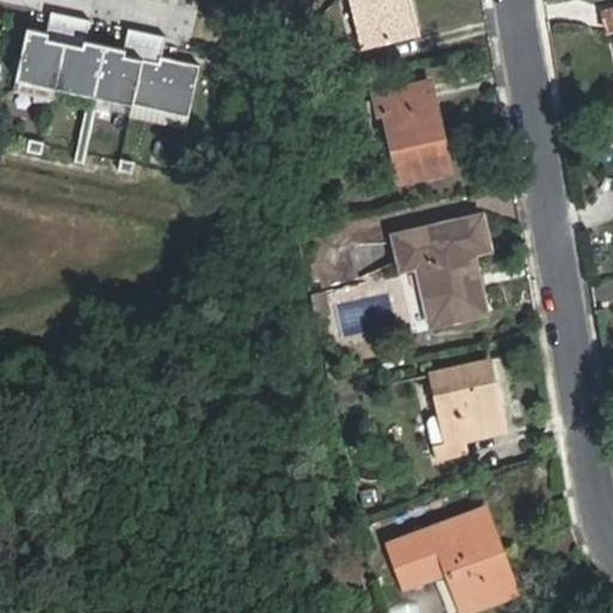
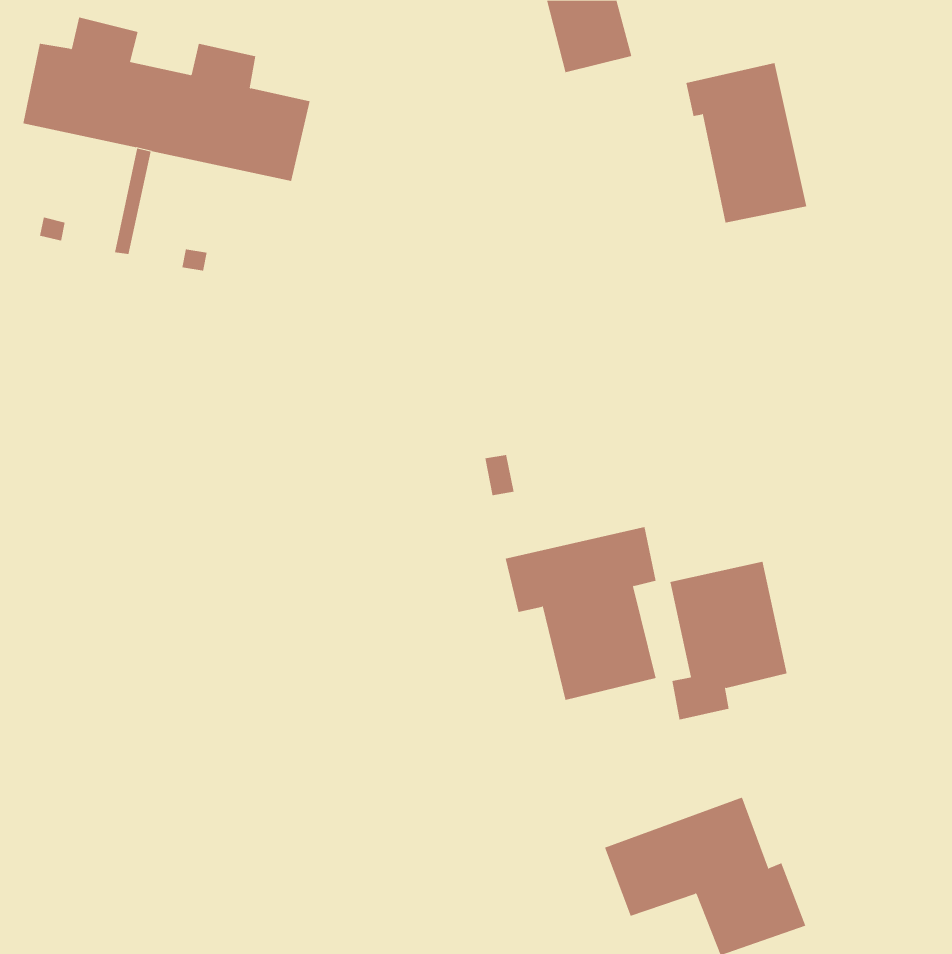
building: [372,80,450,183] -> [685,62,807,223]
building: [392,216,488,327] -> [505,527,656,701]

